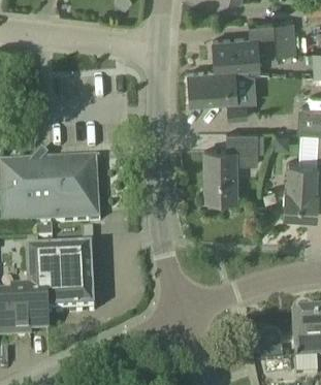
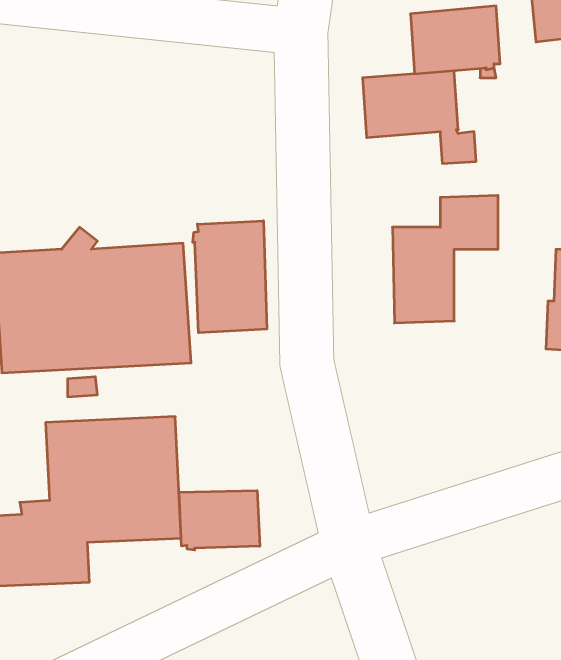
building: none -> [193,221,267,333]
building: none -> [179,491,260,550]

